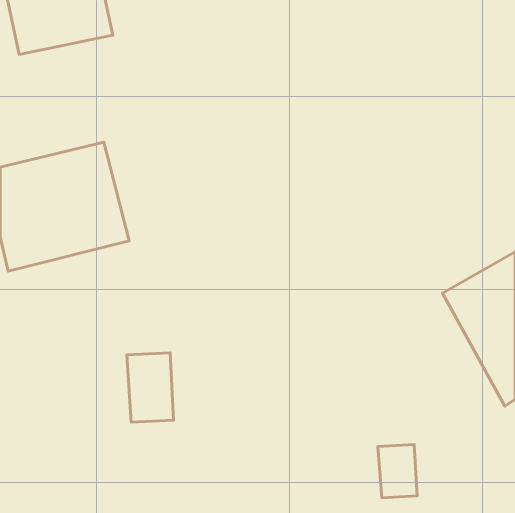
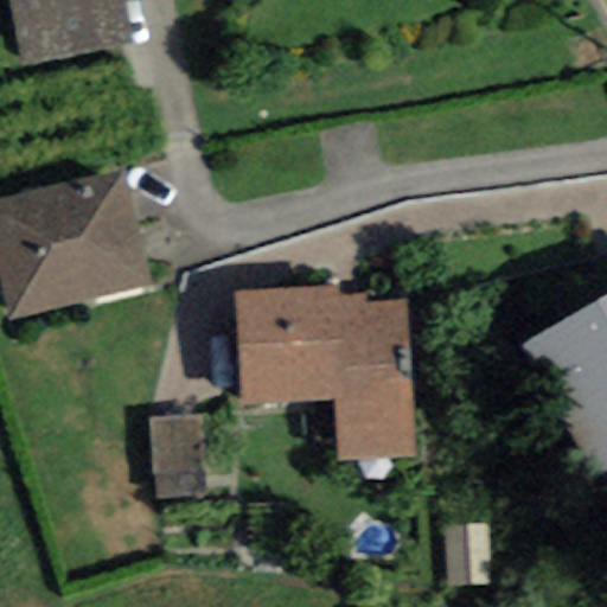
building: none -> [235,283,415,459]

